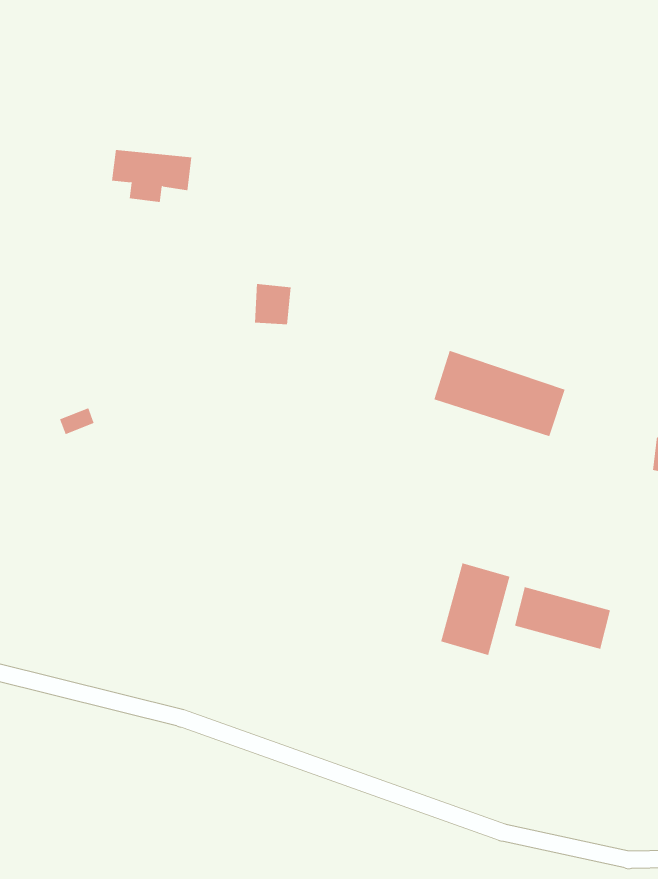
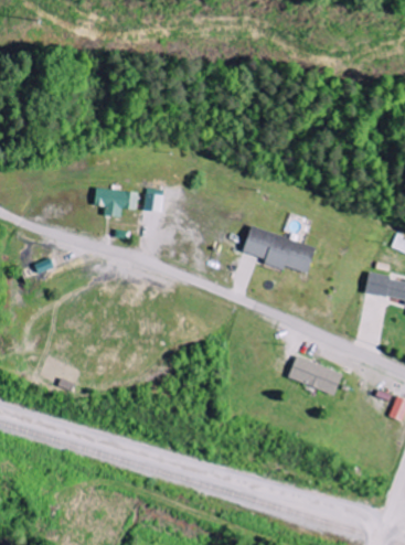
building: [111,149,192,202] -> [94,186,139,216]
building: [441,562,510,656] -> none

